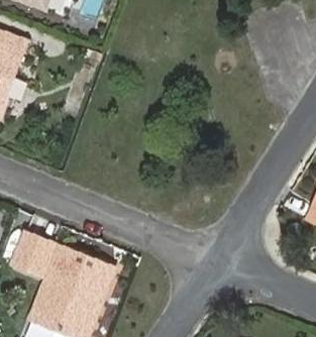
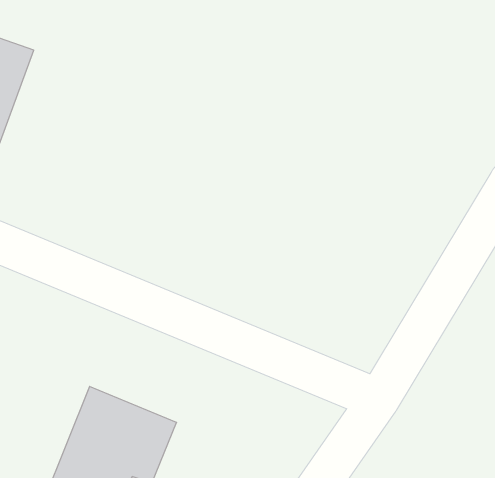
building: [13,232,52,271] -> none

